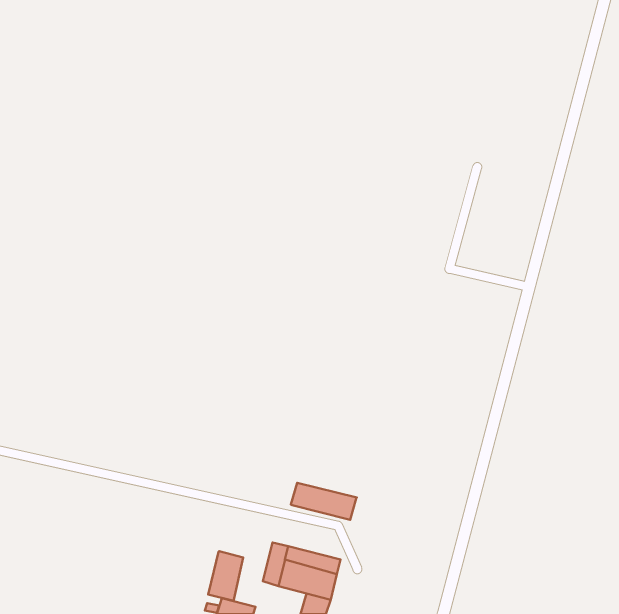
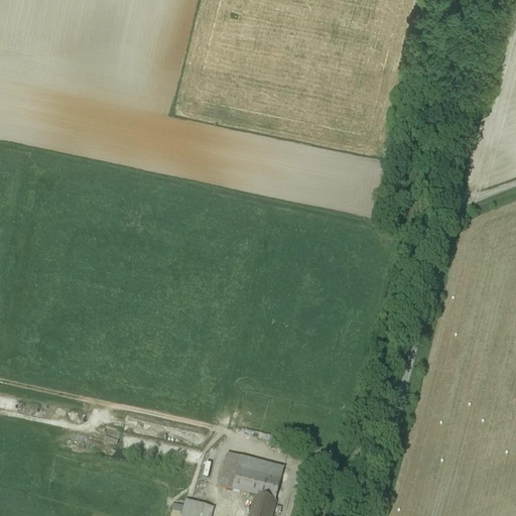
building: [291,483,357,520] -> none
building: [208,551,243,601] -> none

